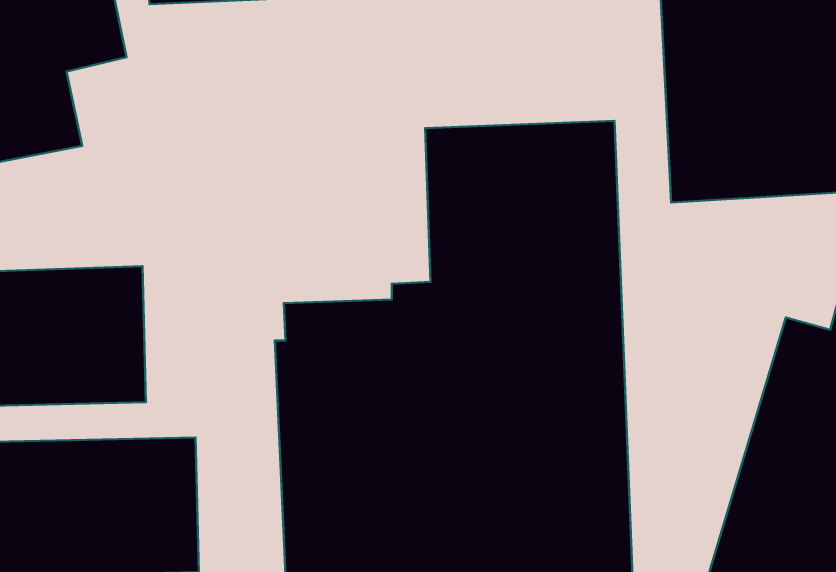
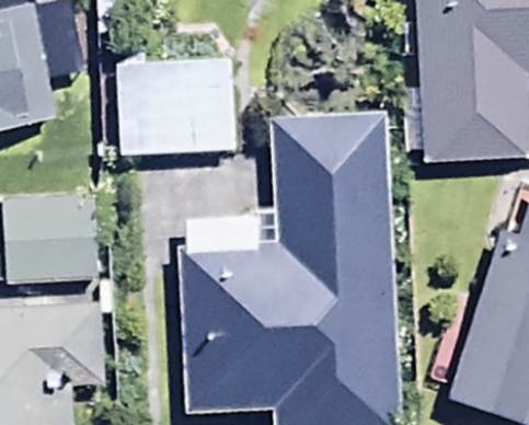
building: none -> [112,55,239,158]

